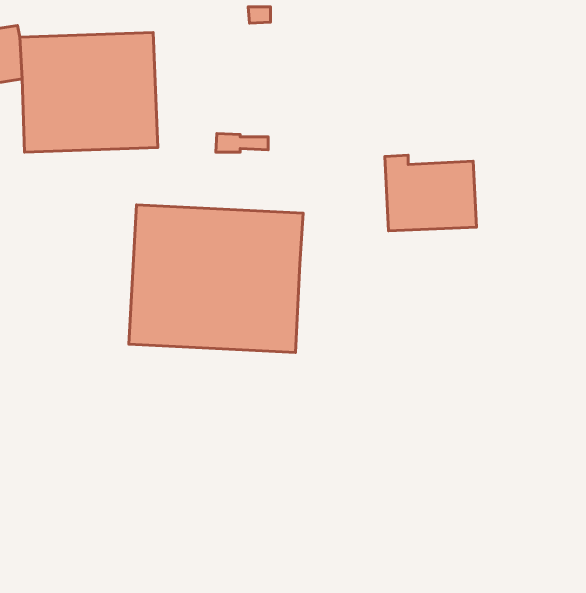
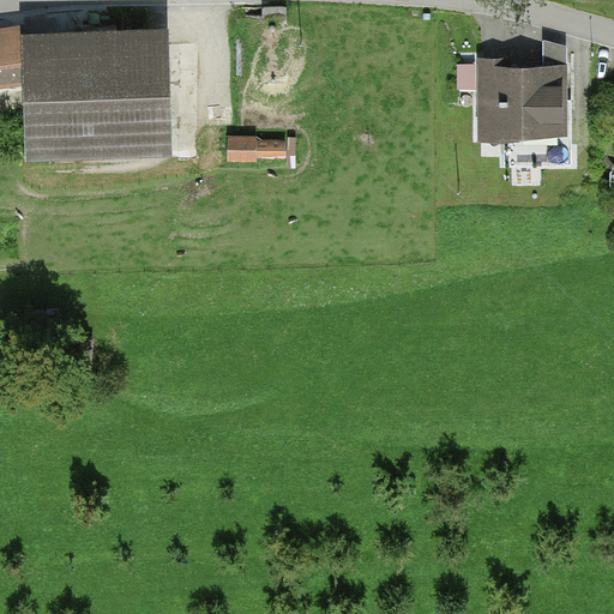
building: [385,155,477,231] -> [483,59,578,137]
building: [129,205,303,352] -> none

